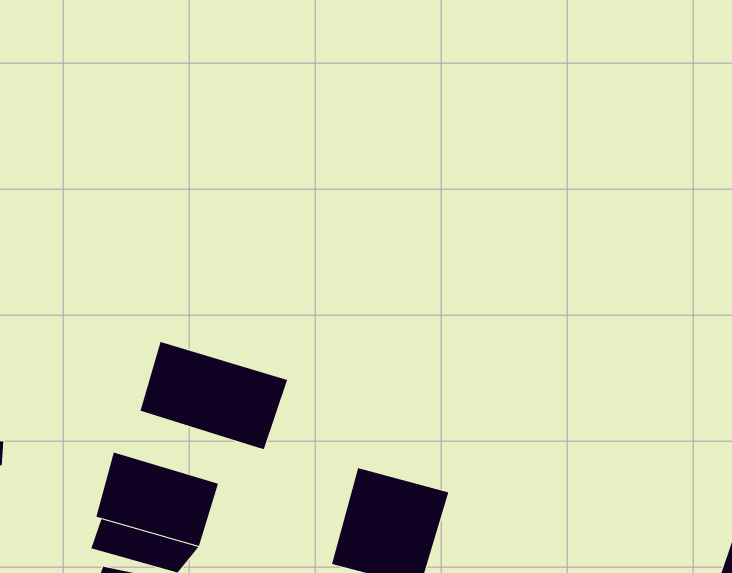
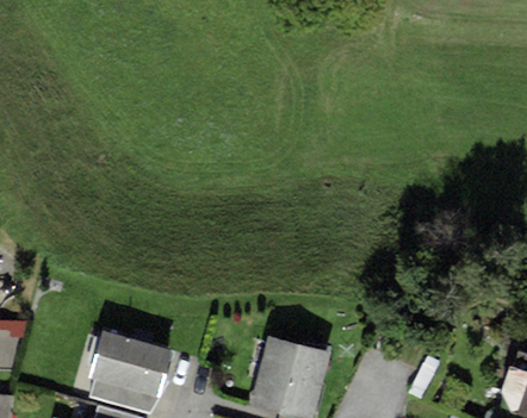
building: [140,341,288,450] -> none

